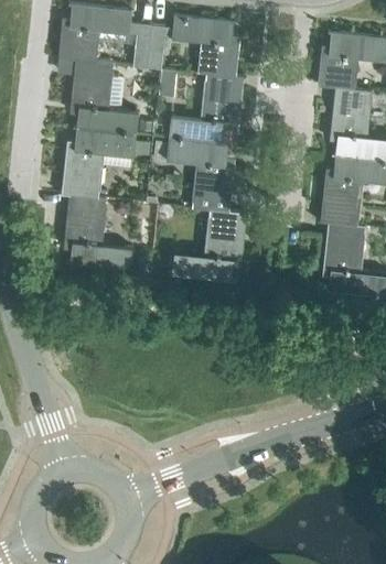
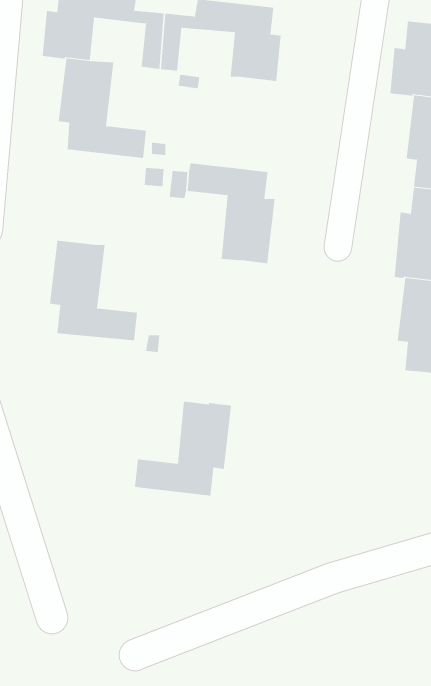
building: [169,75,242,145] -> none
building: [62,129,135,199] -> none
building: [172,212,245,282] -> [134,401,232,496]

